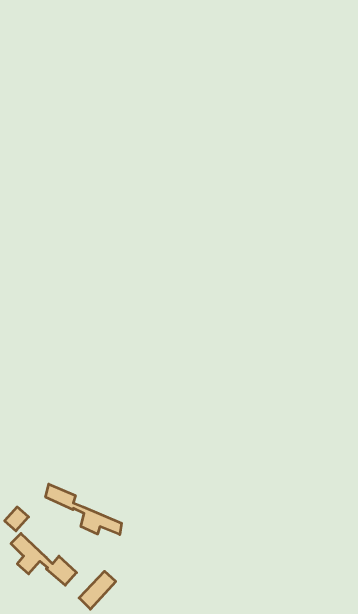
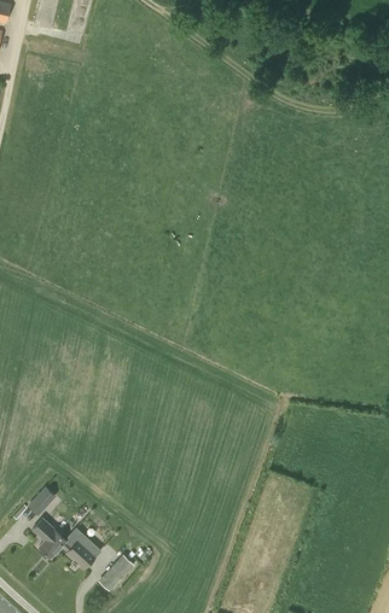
building: [46,484,122,535] -> none

